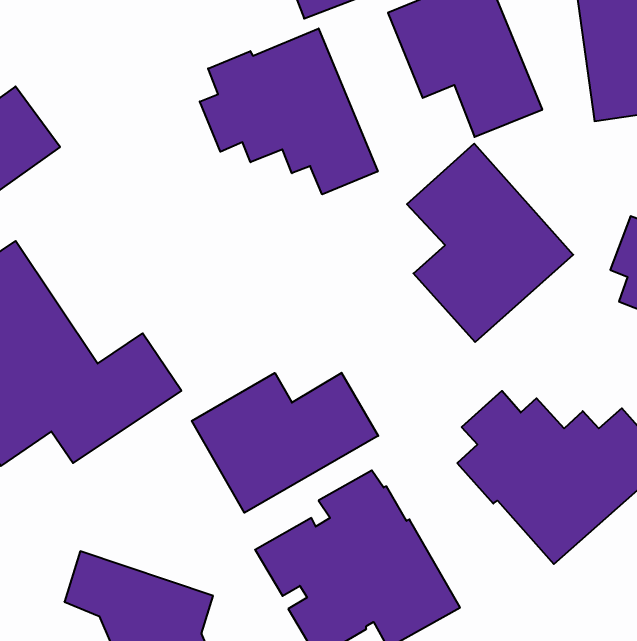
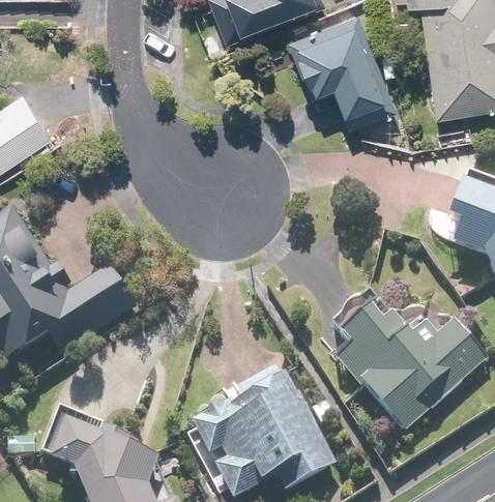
building: [200,28,378,194] -> none
building: [407,144,573,342] -> none
building: [192,373,378,513] -> none

